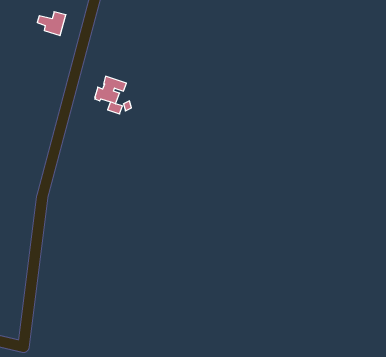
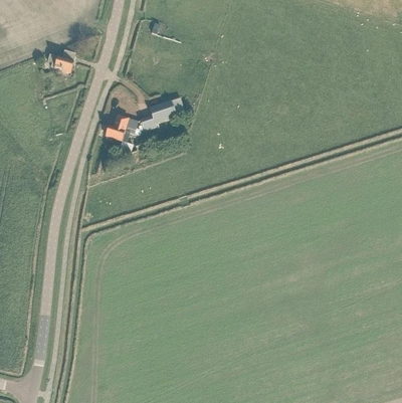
building: none -> [140,100,176,132]

